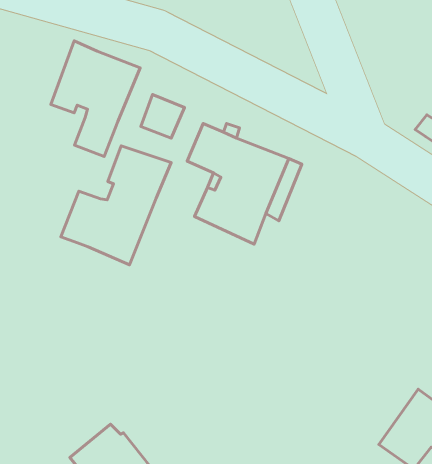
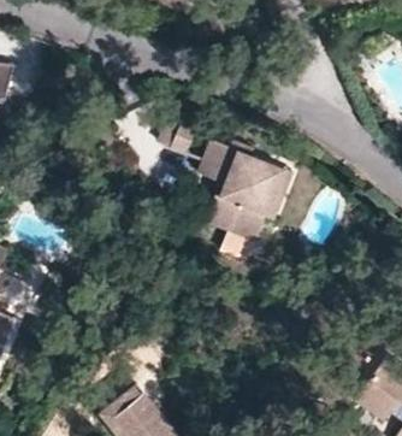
building: [51,41,140,156] -> none
building: [61,146,171,265] -> none

